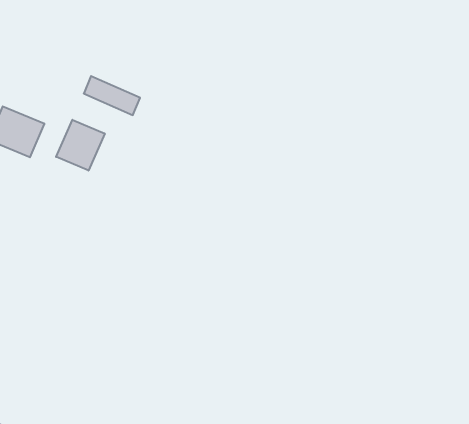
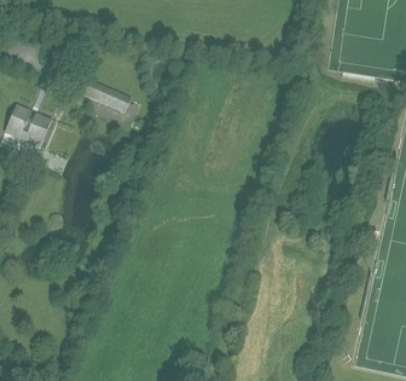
building: [56,120,105,171] -> none

